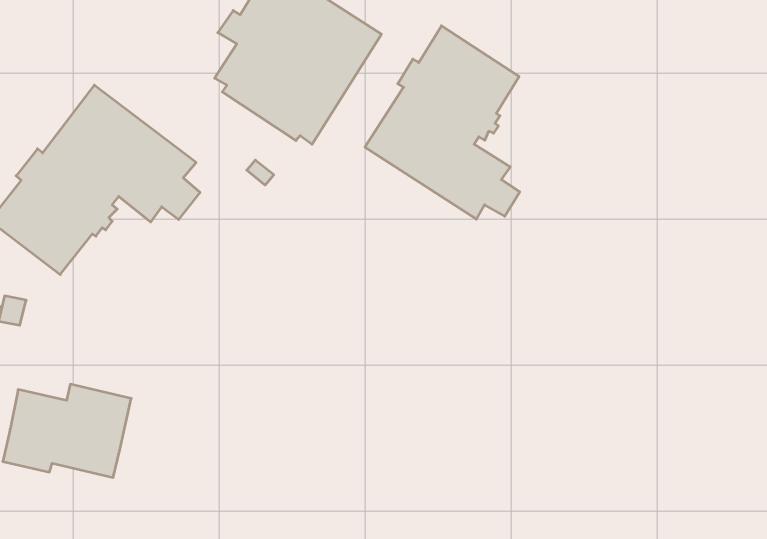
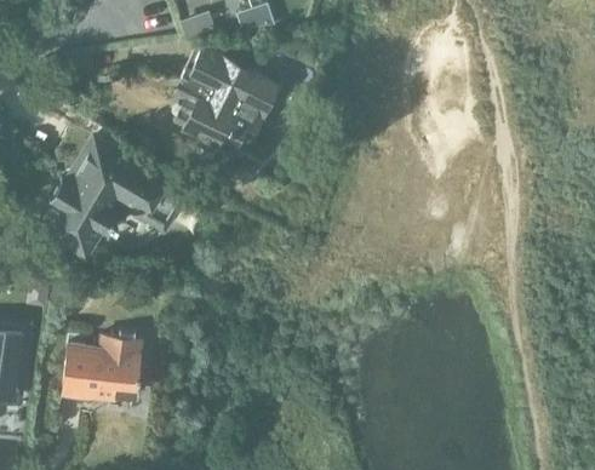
building: [365,26,520,219] -> none

